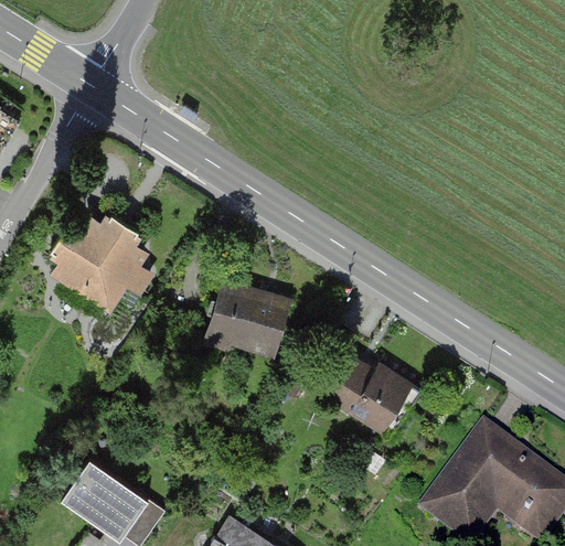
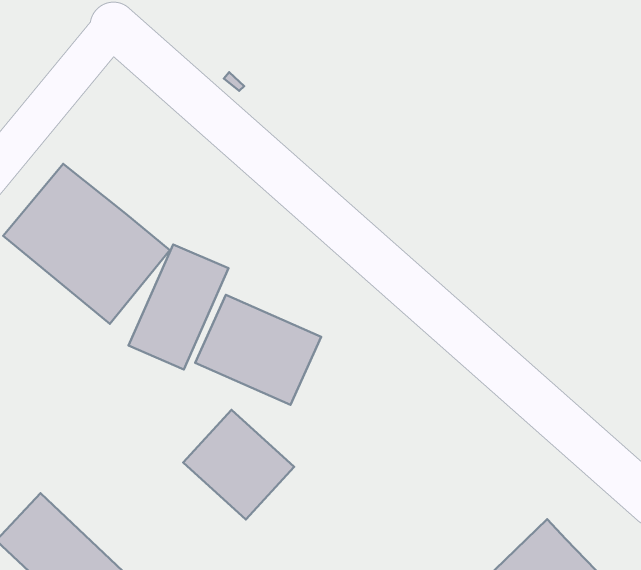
building: none -> [129,244,228,369]
building: [327,353,413,436] -> [183,410,294,519]

